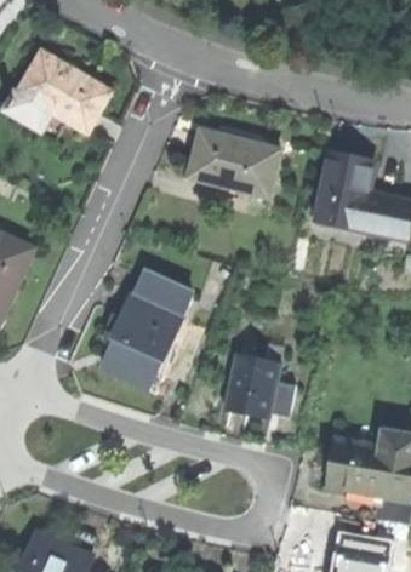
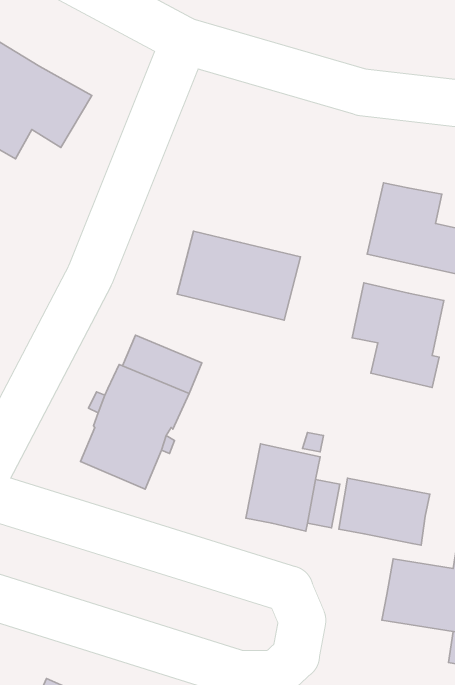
building: [188,128,280,195] -> [177,231,301,320]
building: none -> [352,283,444,387]
building: none -> [339,478,430,545]

